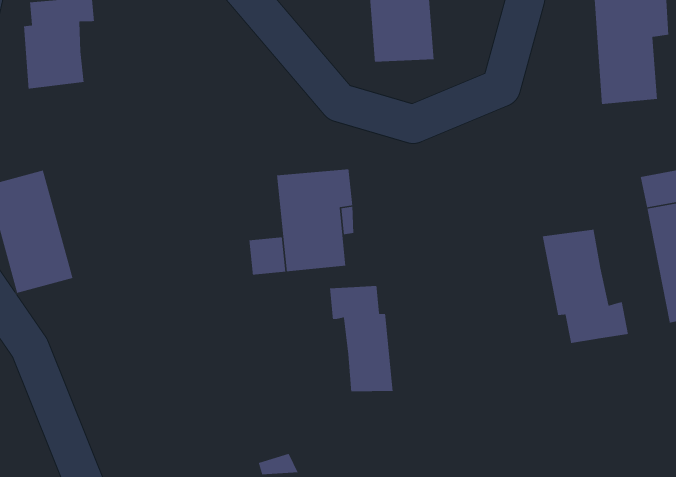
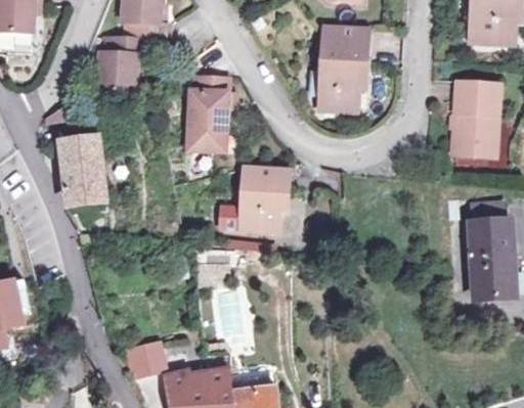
building: none -> [186,74,234,150]
building: [542,229,629,344] -> none
building: [329,285,394,392] -> none

